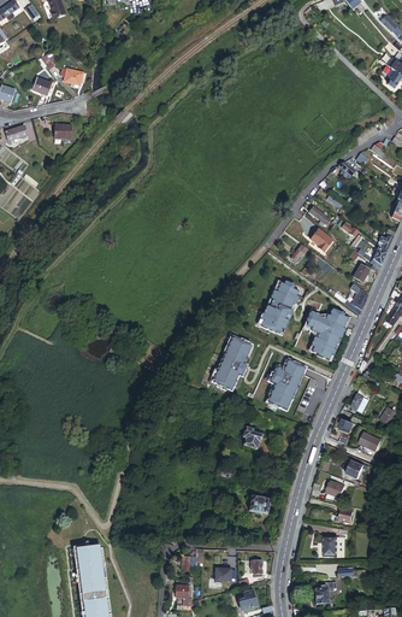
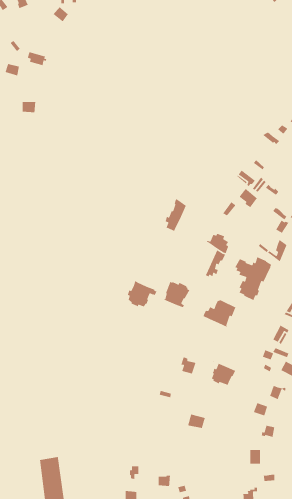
building: [258,290,284,330] -> [164,198,187,232]
building: [211,358,247,390] -> [127,280,157,307]
building: [266,378,296,410] -> [211,359,236,386]

